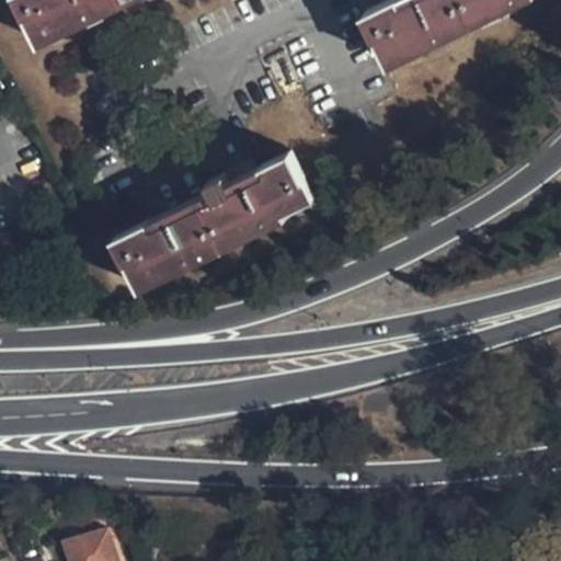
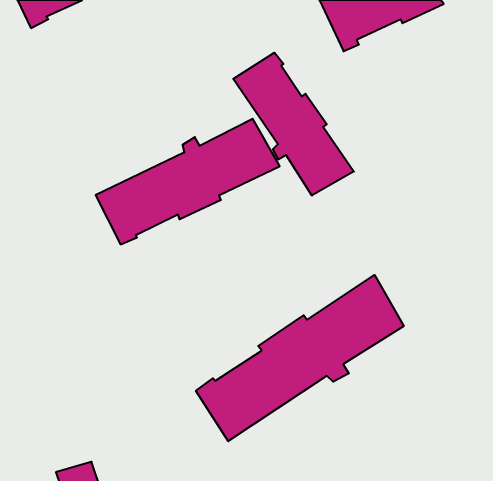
building: none -> [233,53,354,196]
building: none -> [196,275,404,441]

